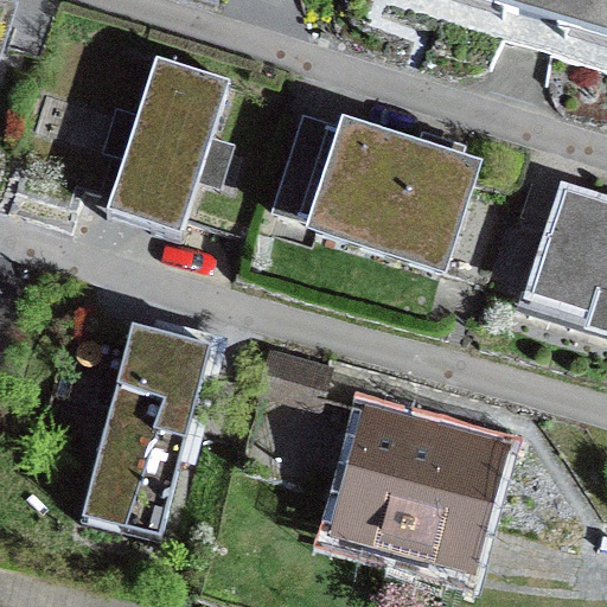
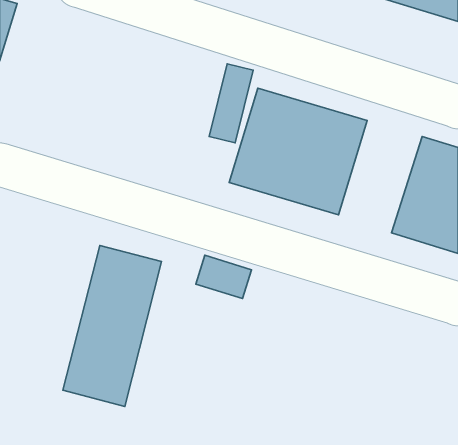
building: [107,63,230,243] -> none
building: [333,398,509,568] -> none

